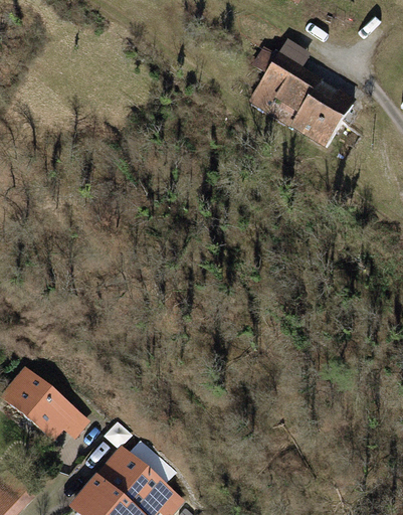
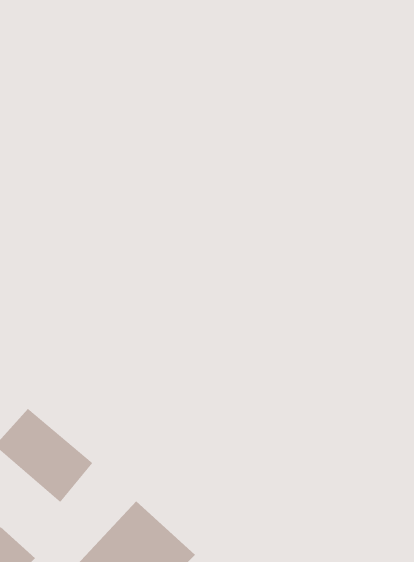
building: [253,53,346,148] -> none

